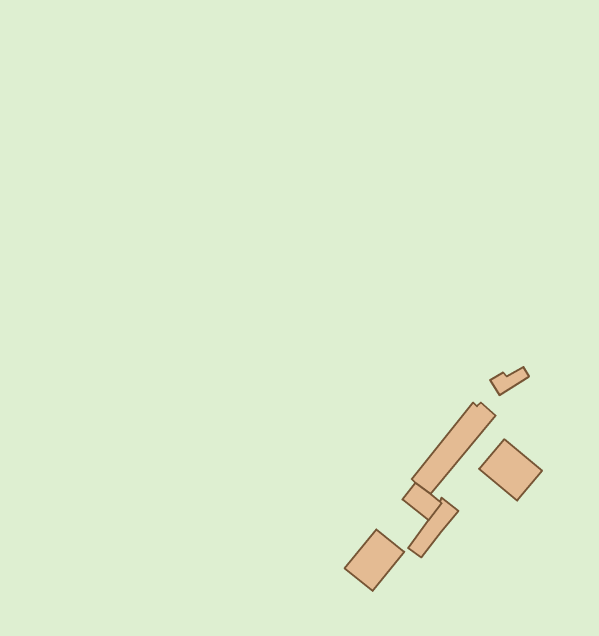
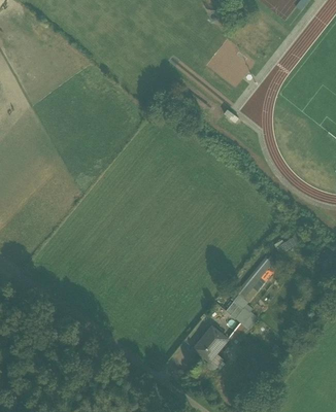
building: [479,439,542,501] -> none

